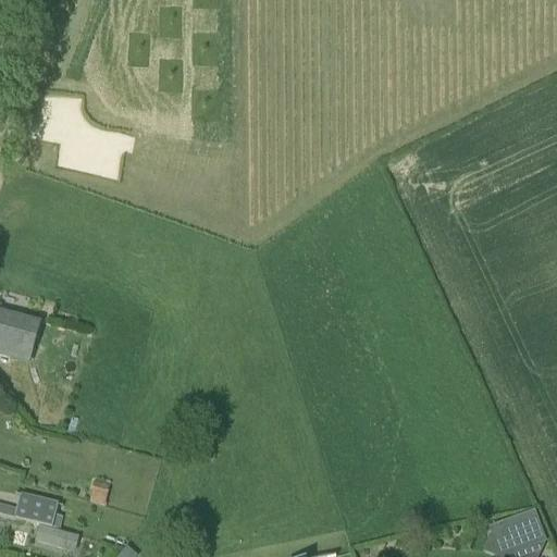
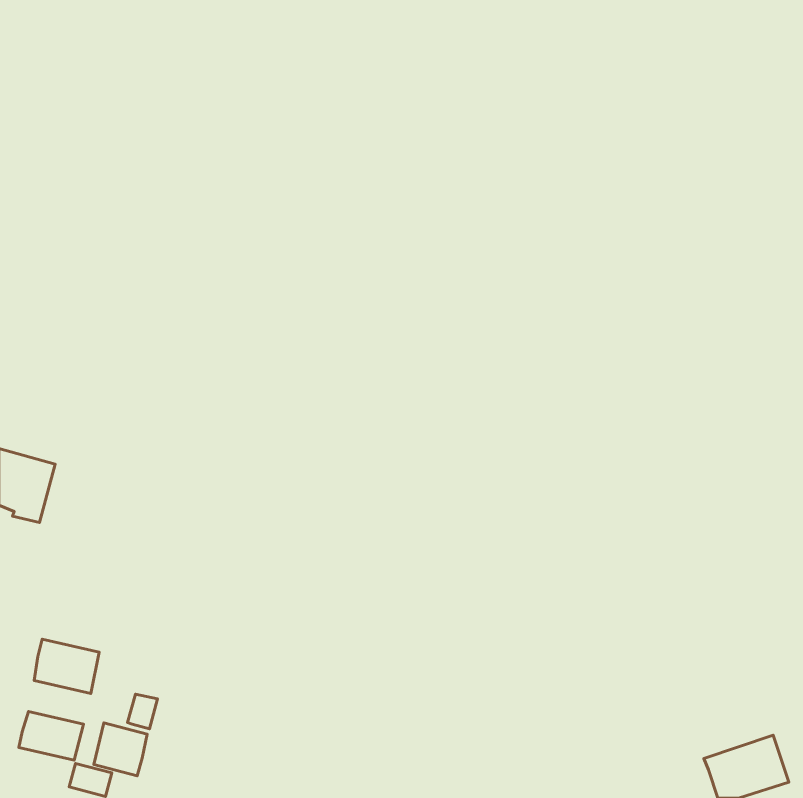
building: none -> [34,639,99,693]
building: none -> [94,723,147,776]

